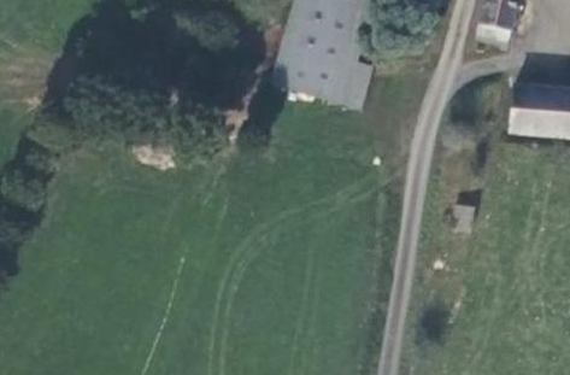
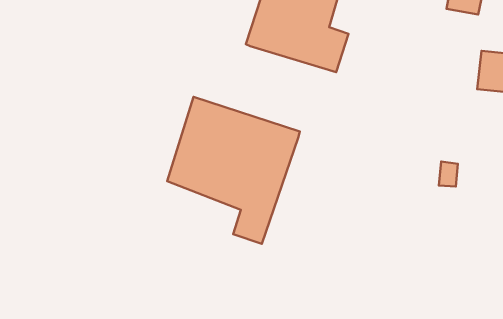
building: none -> [167,97,300,244]

